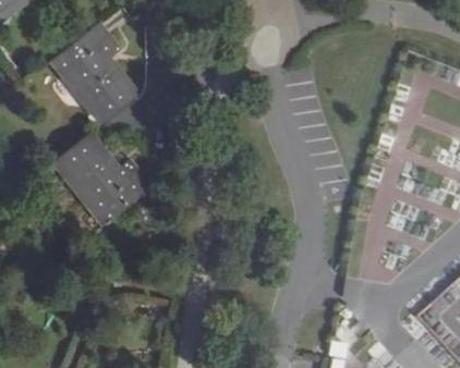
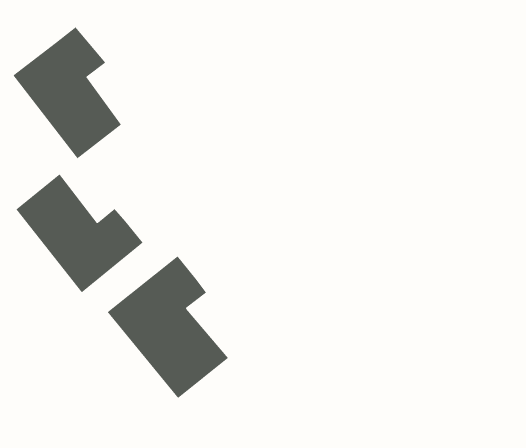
building: none -> [107,255,229,399]

